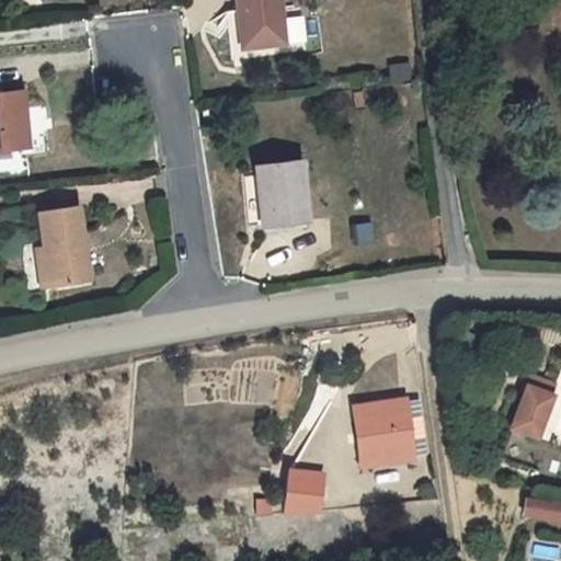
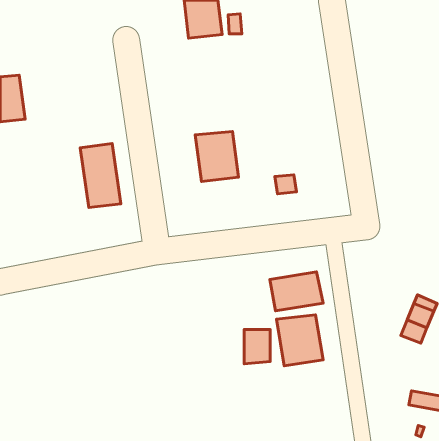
building: [39,205,91,286] -> [80,143,121,207]
building: none -> [270,272,323,311]
building: [285,469,318,513] -> [244,329,270,364]

